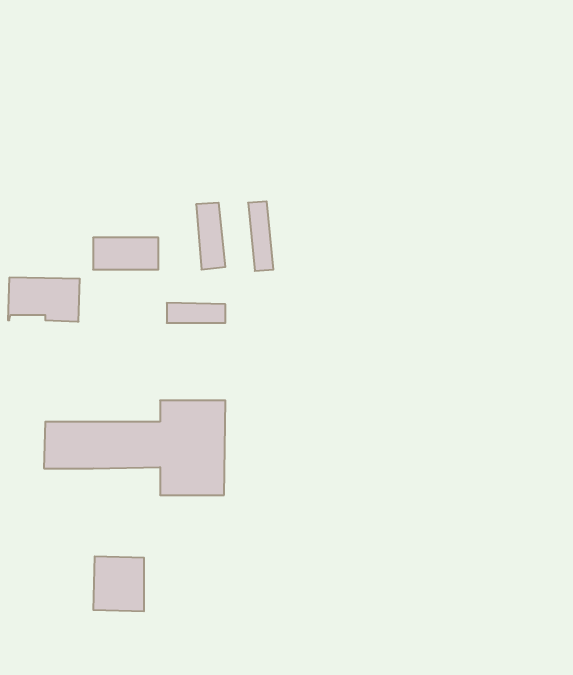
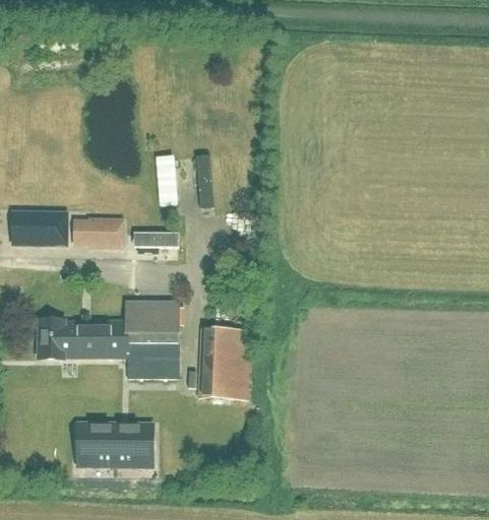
building: [93,238,158,270] -> [73,223,123,248]
building: none -> [198,330,251,401]
building: none -> [115,425,152,465]

